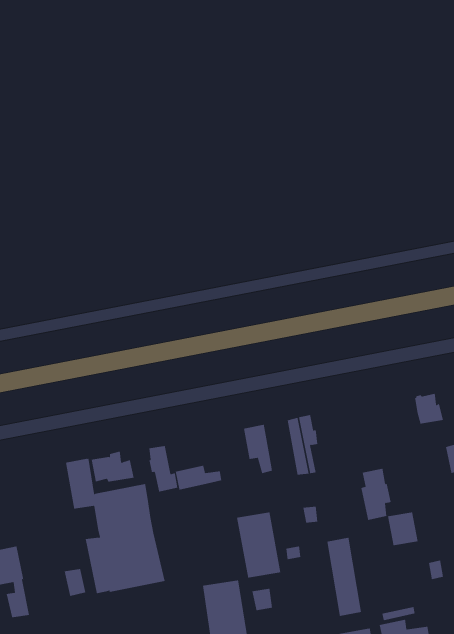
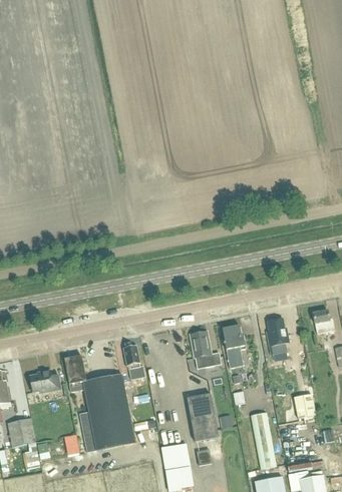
building: [91,451,135,482] -> [29,370,60,392]
building: [175,465,222,491] -> none
building: [360,468,392,520] -> [266,319,288,356]

